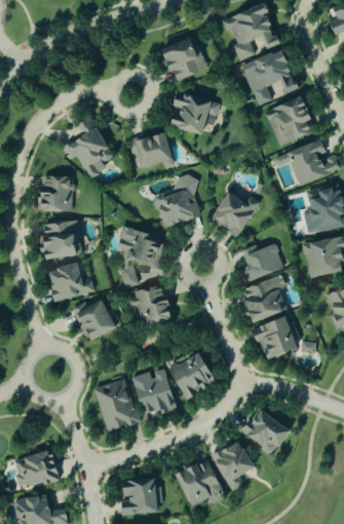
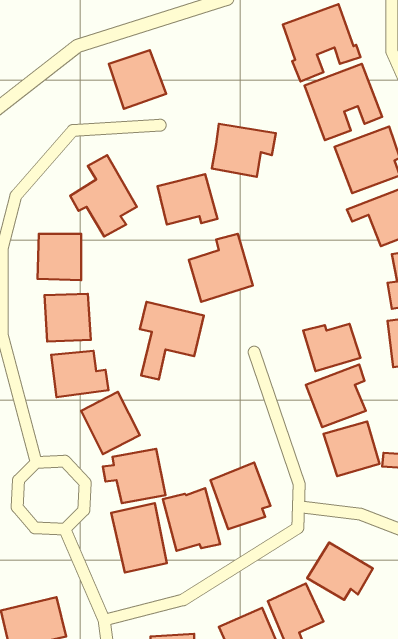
building: [163,37,206,81] -> [109,50,166,109]
building: [214,187,259,236] -> none
building: [125,285,173,326] -> [103,449,166,503]

